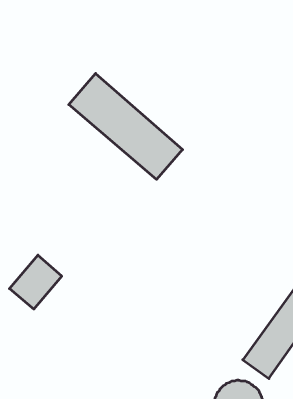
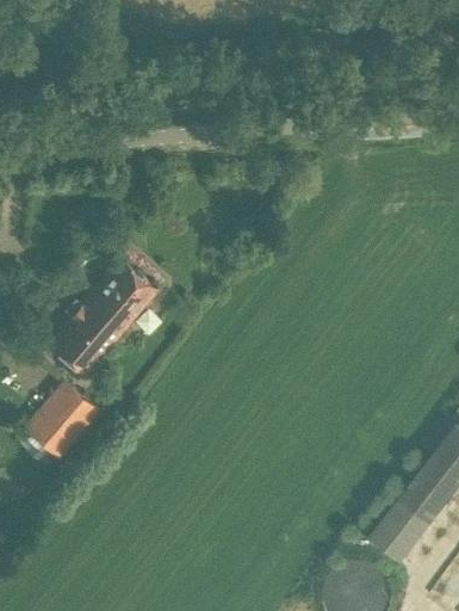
building: [69,73,183,179] -> none
building: none -> [49,263,159,379]

